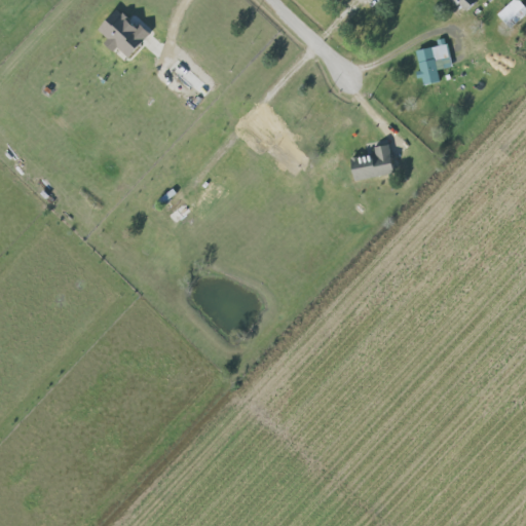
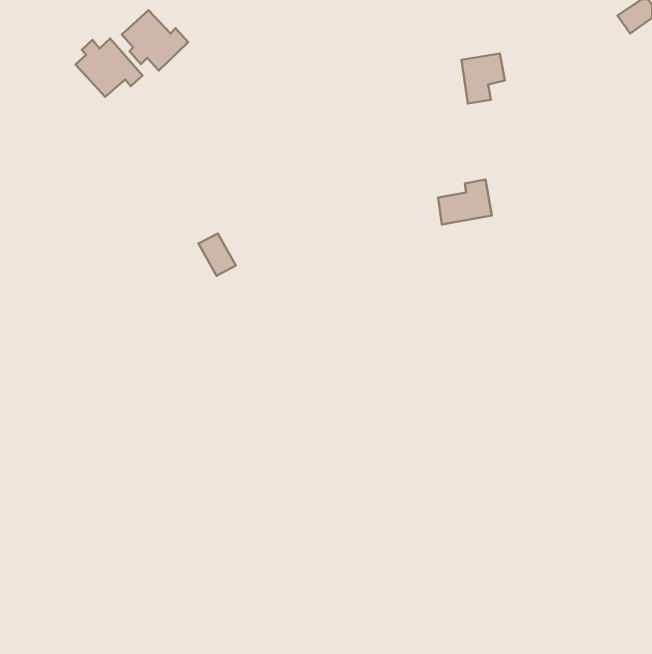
building: none -> [76,39,143,97]
building: [415,44,450,84] -> [461,54,505,104]

